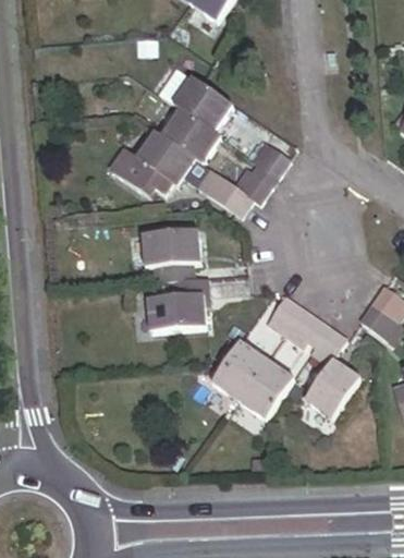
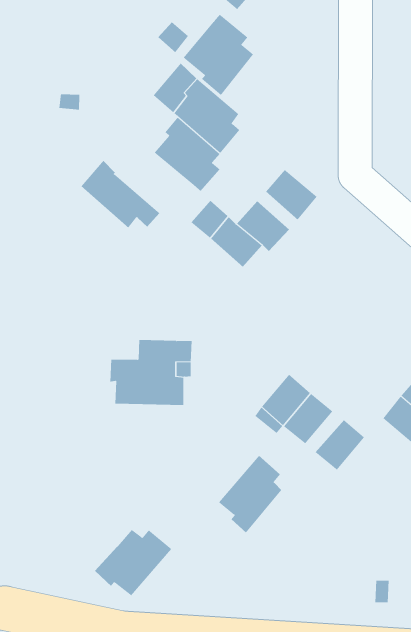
building: none -> [183,14,254,96]
building: [135,132,196,181] -> none
building: [143,229,199,282] -> none
building: [210,347,268,399] -> [94,529,172,596]
building: [304,364,360,416] -> none

